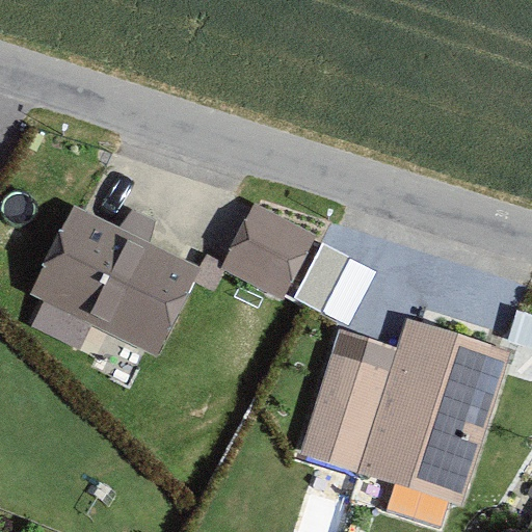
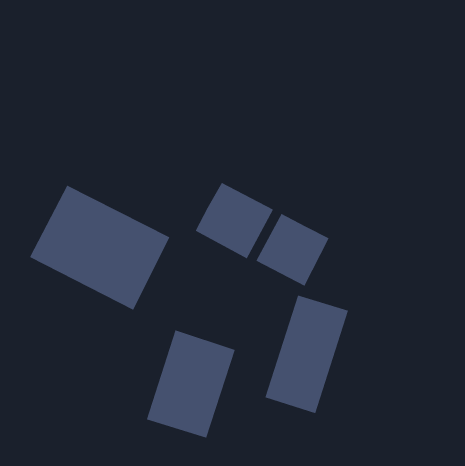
building: [358,319,507,502] -> none
building: none -> [146,330,236,439]

